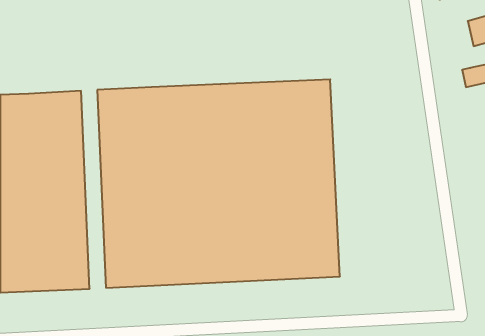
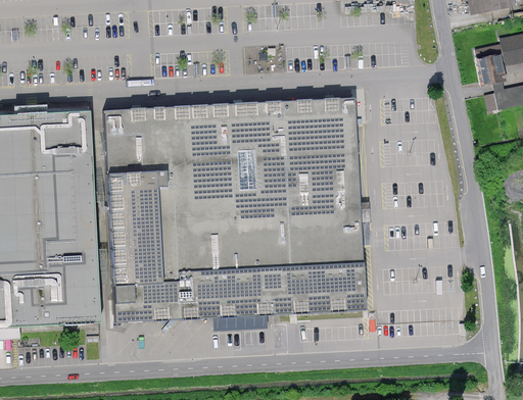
building: none -> [475,43,507,84]

